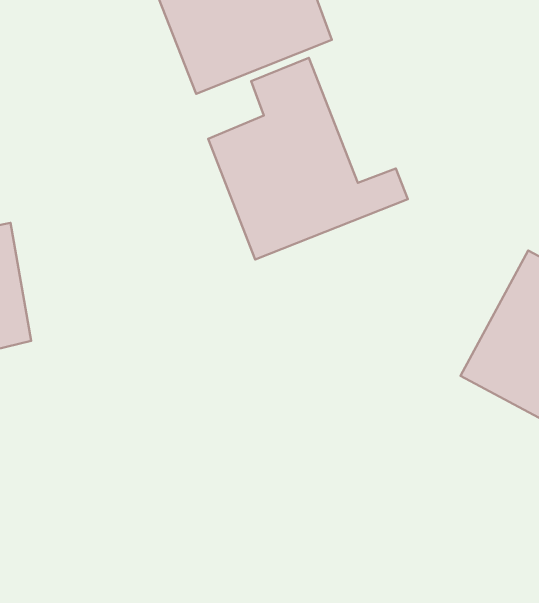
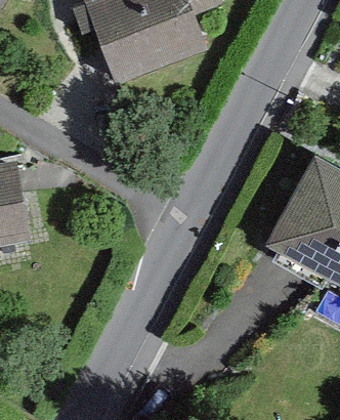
building: [208,58,408,259] -> none

